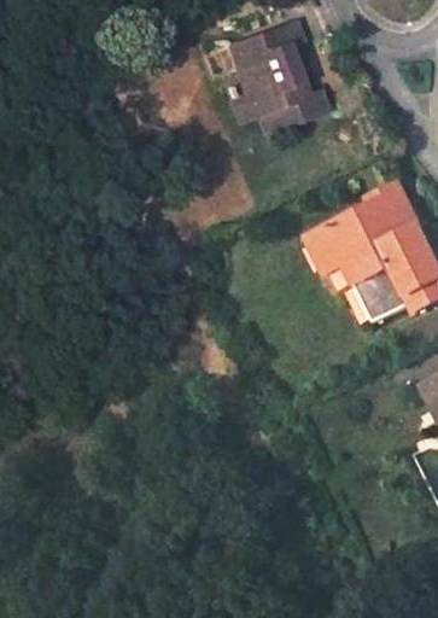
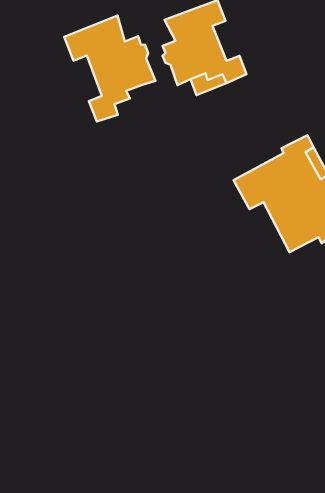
building: none -> [64,15,155,122]

